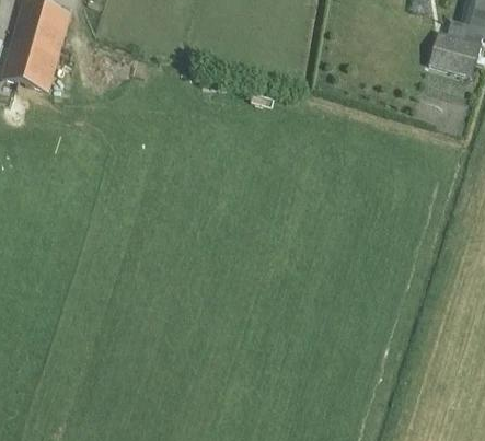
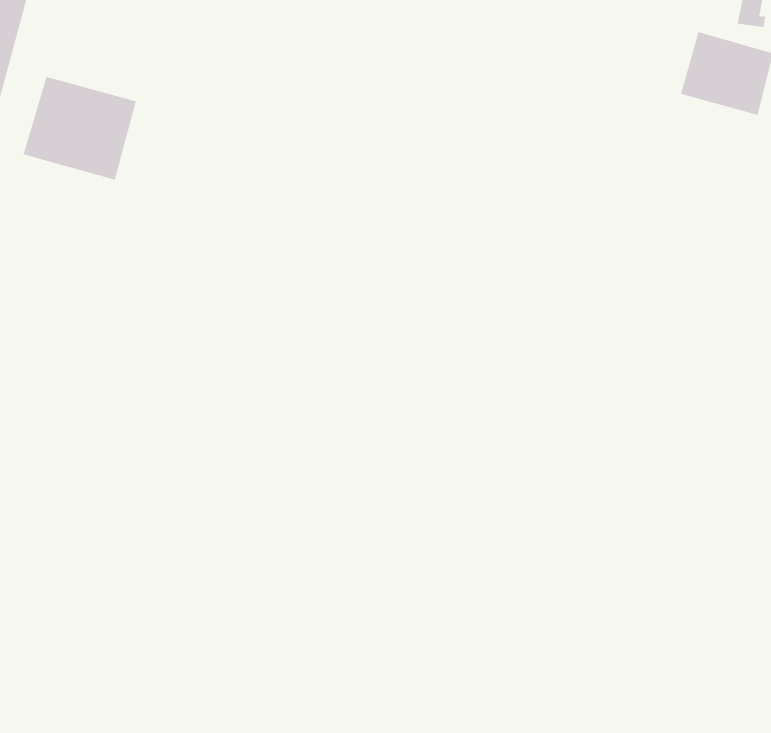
building: none -> [23,76,137,180]

